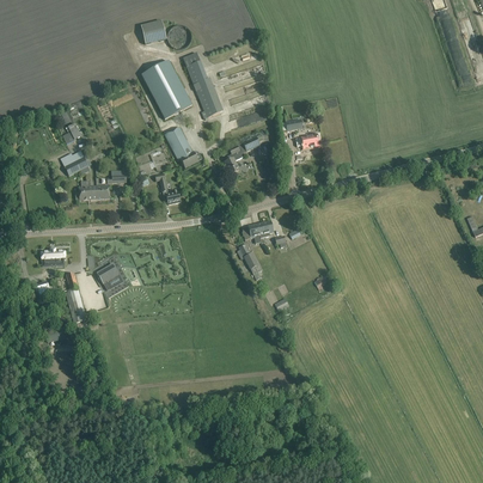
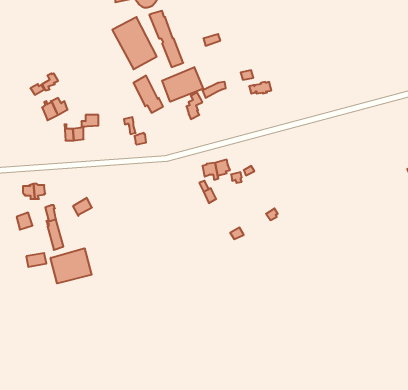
building: none -> [162,67,203,102]
building: none -> [51,248,92,283]

